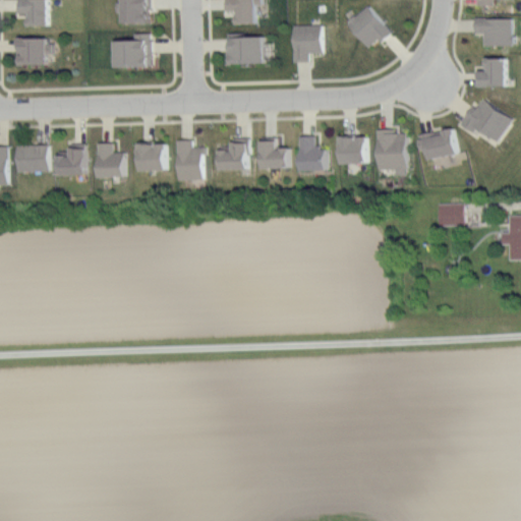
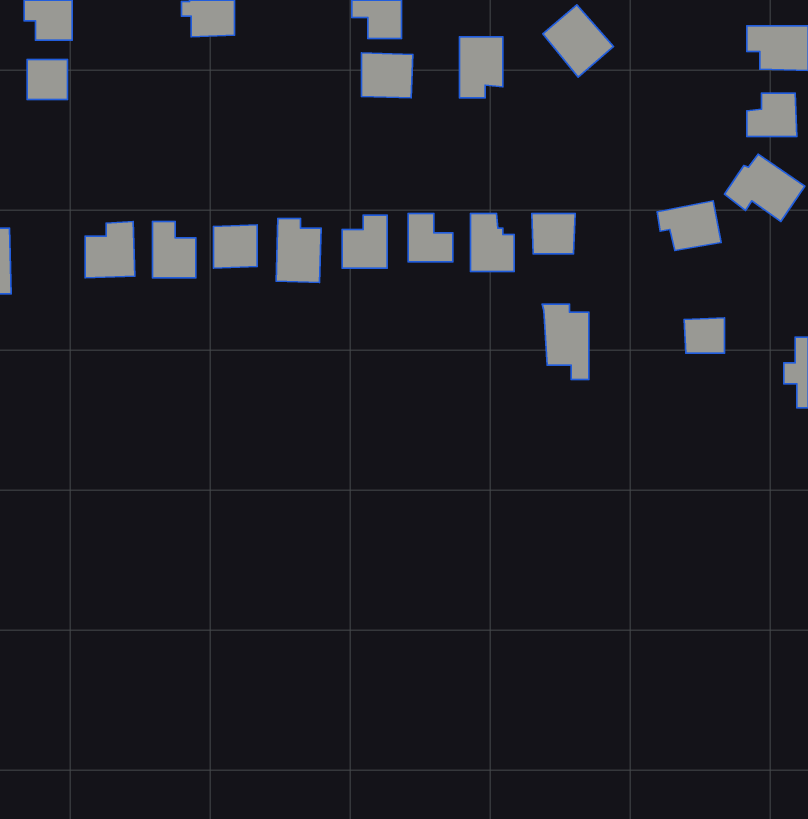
building: [111,33,154,71] -> none
building: [374,128,404,176] -> [542,304,589,380]
building: [15,144,48,172] -> none

